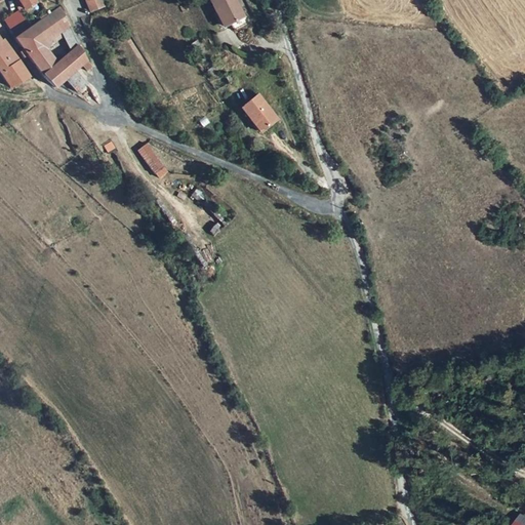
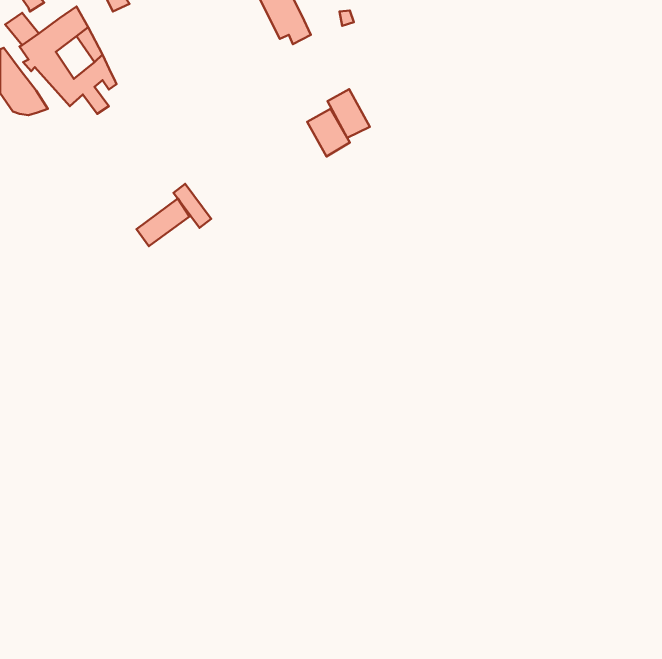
building: none -> [327,89,370,138]
building: none -> [136,199,189,246]

